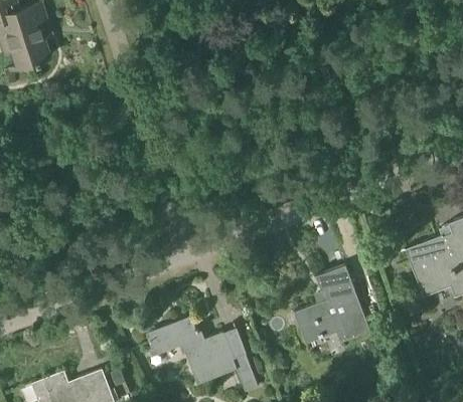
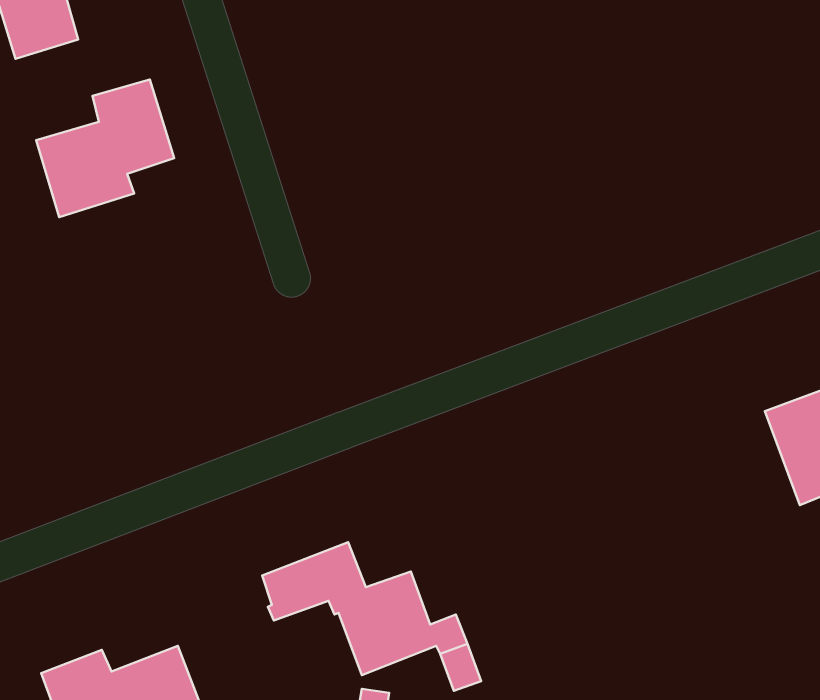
building: none -> [36,79,174,217]
building: [293,265,369,345] -> none

